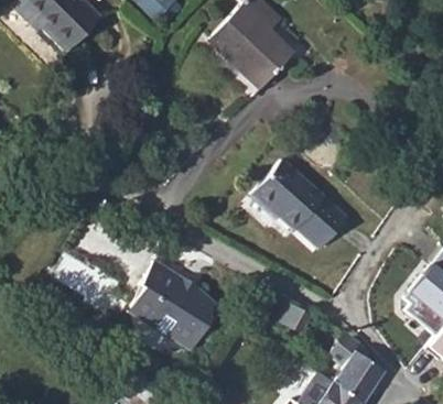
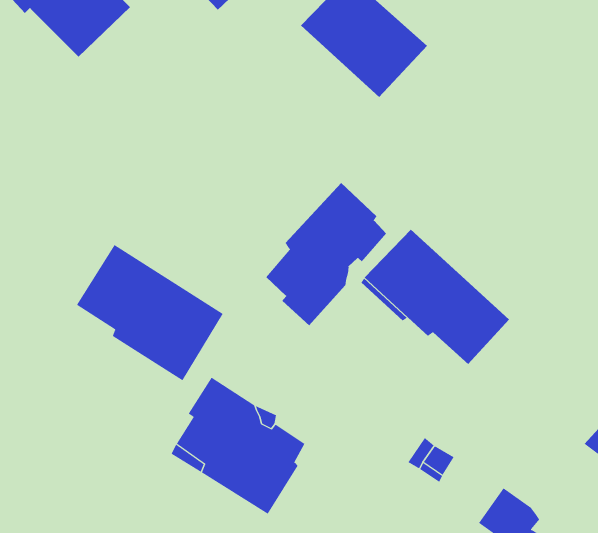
building: none -> [266,182,387,326]
building: none -> [76,244,223,381]

